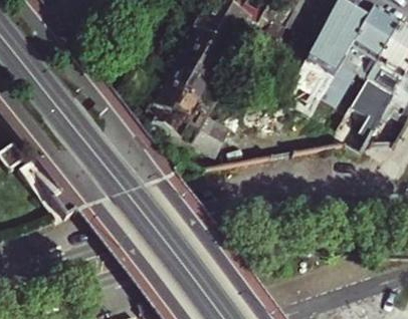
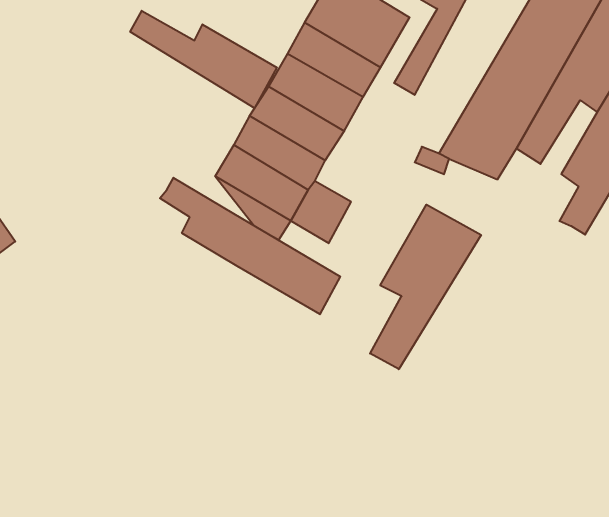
building: none -> [130,11,277,108]
building: none -> [160,178,340,314]
building: none -> [370,205,481,369]

